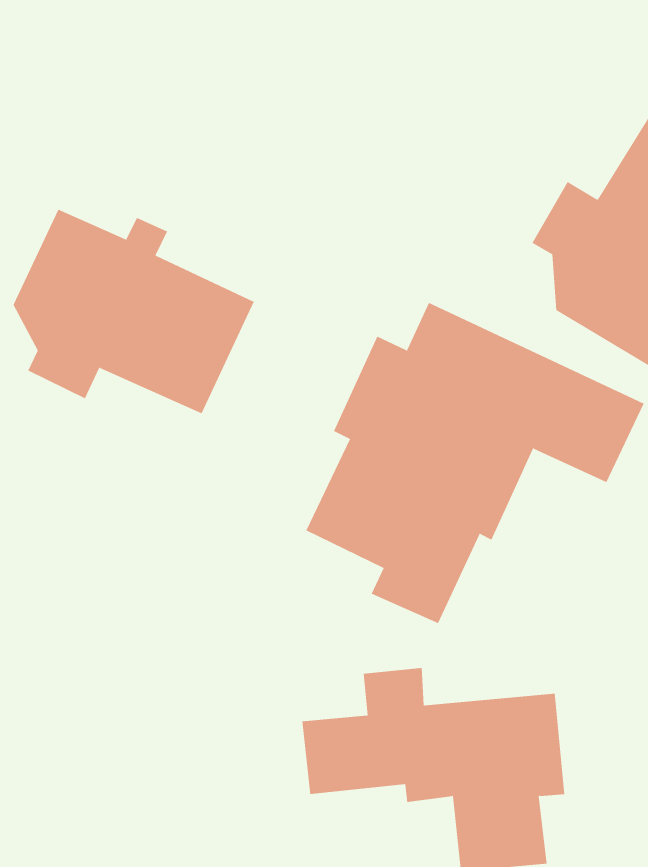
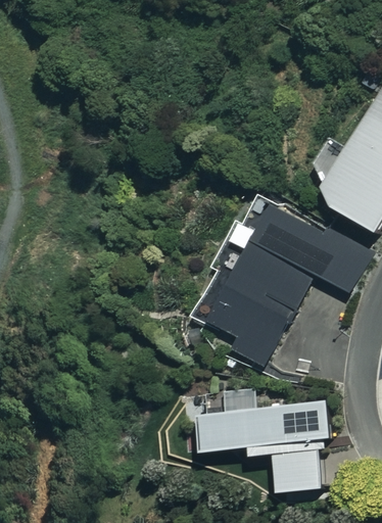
building: [13,209,254,414] -> none

